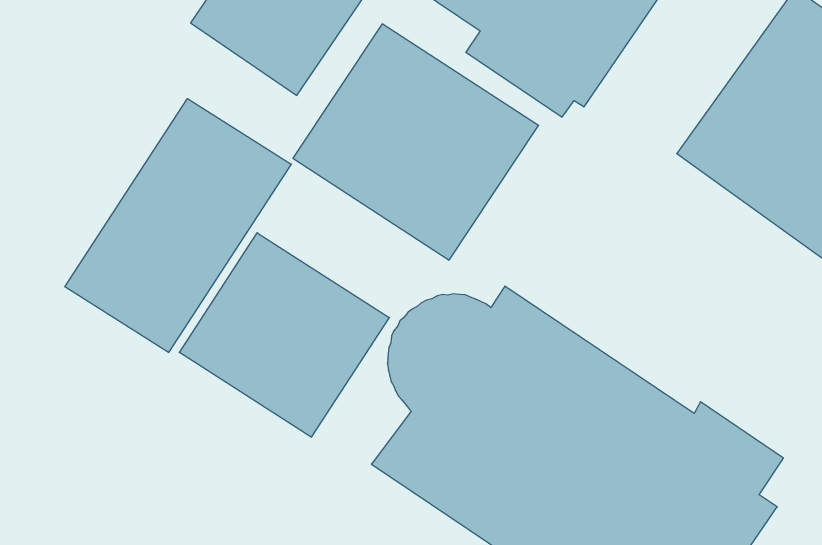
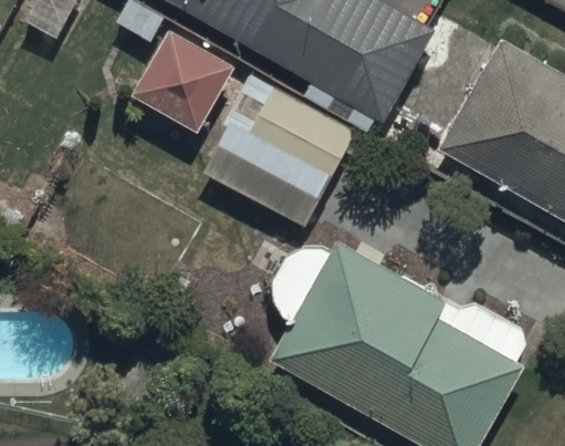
building: [65,99,291,352] -> none
building: [179,233,389,437] -> none

